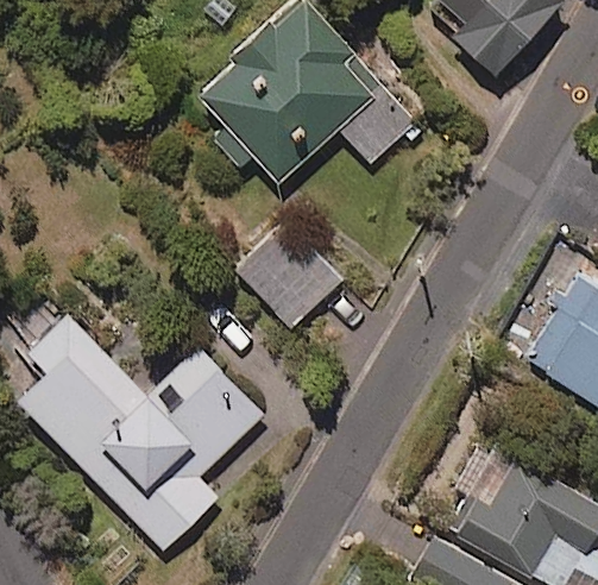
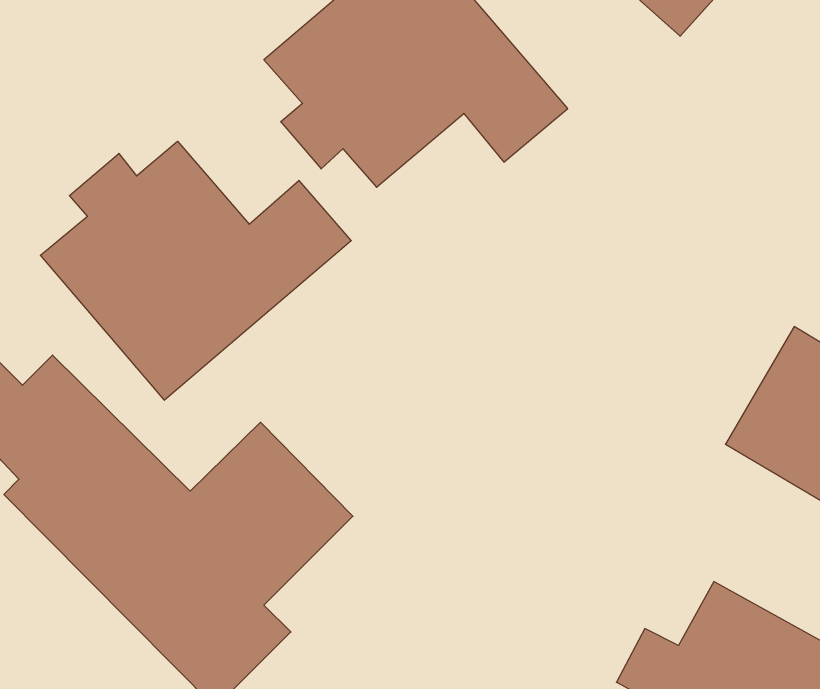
building: none -> [40,141,351,400]
building: [237,221,342,327] -> none

